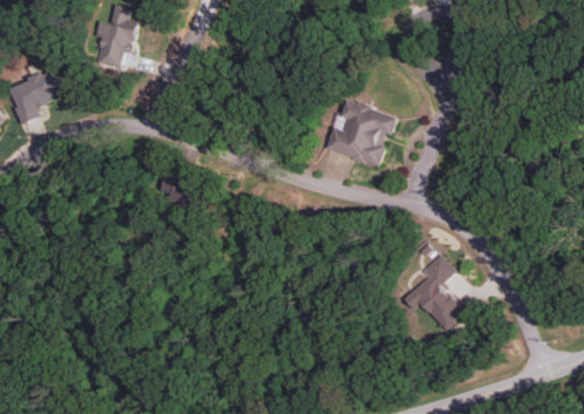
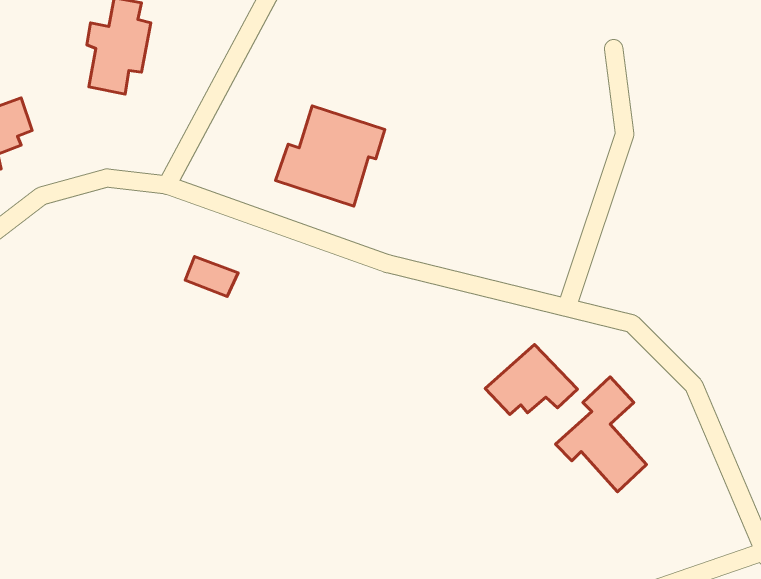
building: [325,101,397,167] -> [276,106,385,206]
building: none -> [485,344,577,415]

